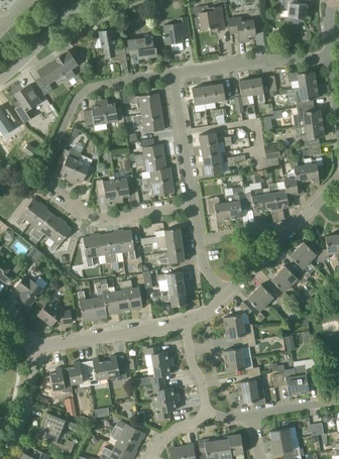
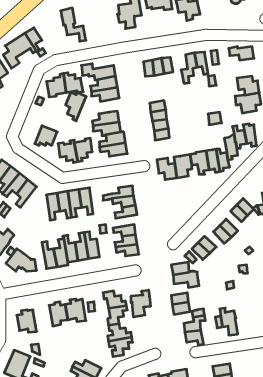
building: [128,34,156,59] -> none
building: [295,85,318,107] -> none
building: [58,148,81,181] -> [66,92,86,121]
building: none -> [131,290,150,317]
building: [68,361,90,386] -> none
building: [294,365,313,394] -> none

